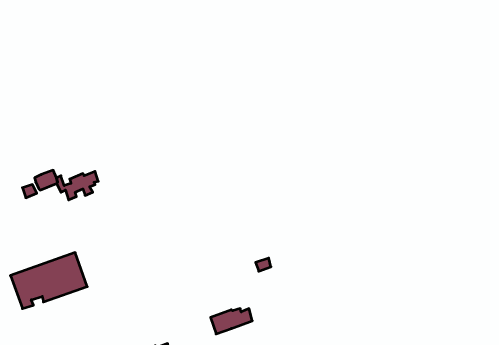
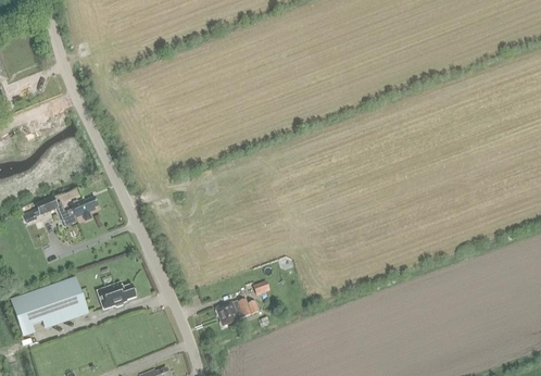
building: none -> [97,281,136,309]
building: [211,309,252,334] -> [216,300,257,325]

